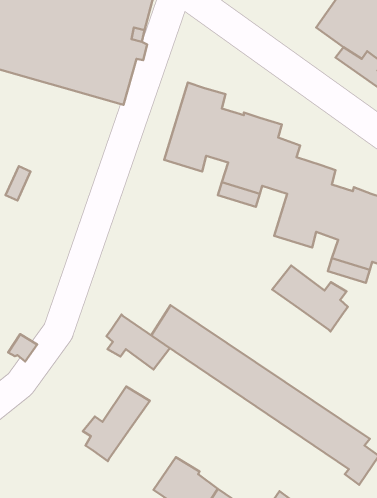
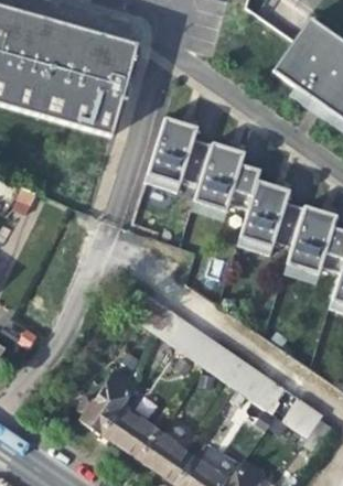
building: [272,266,348,331] -> none
building: [107,314,170,369] -> none
building: none -> [100,406,157,457]

